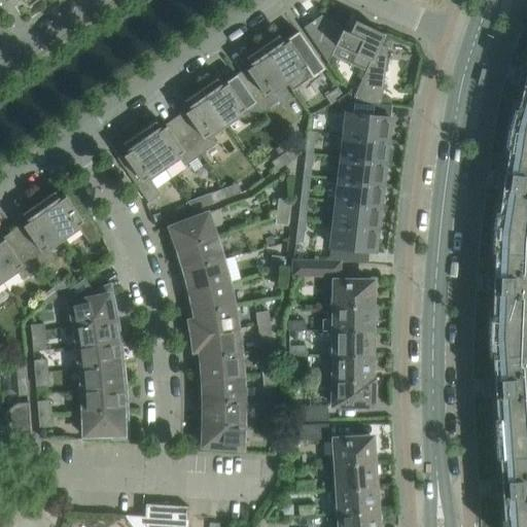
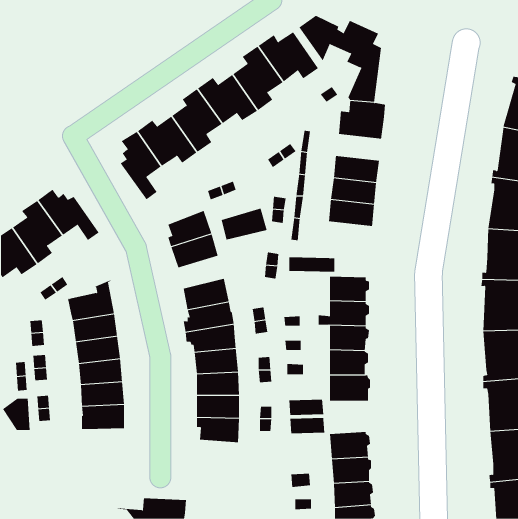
building: [341,136,388,163] -> none
building: [330,224,379,264] -> none
building: [181,259,229,292] -> [221,208,267,240]

